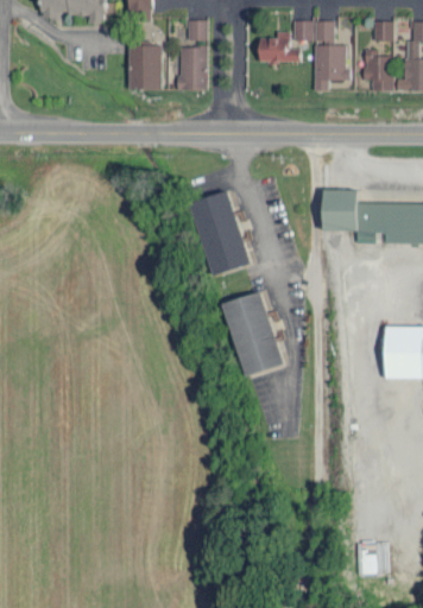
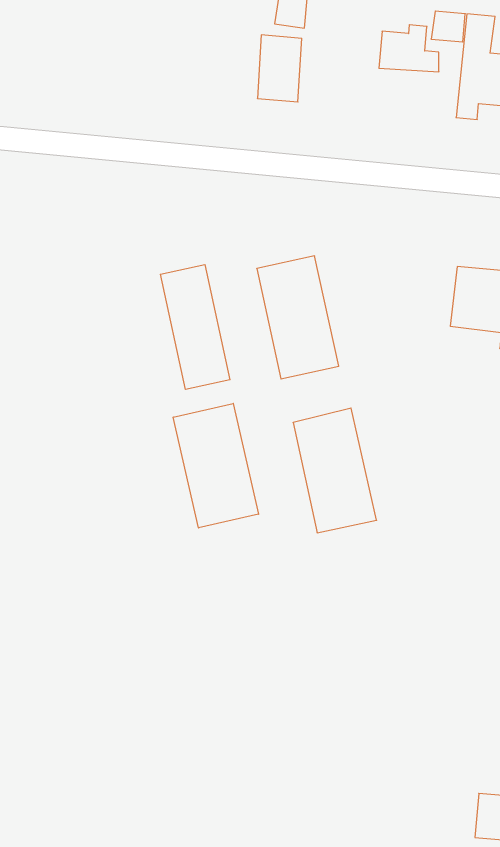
building: [127,44,162,89] -> none
building: none -> [160,265,230,389]
building: none -> [173,403,259,528]

